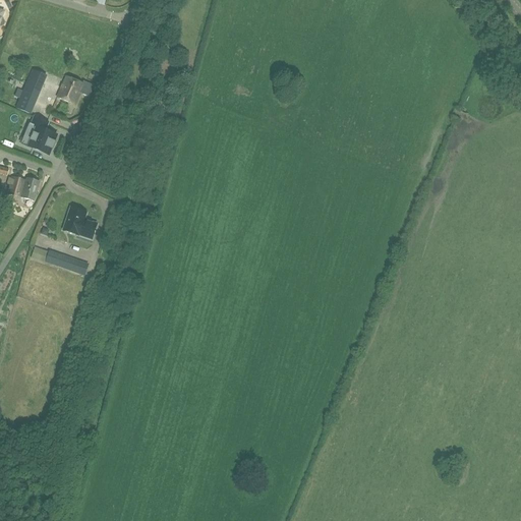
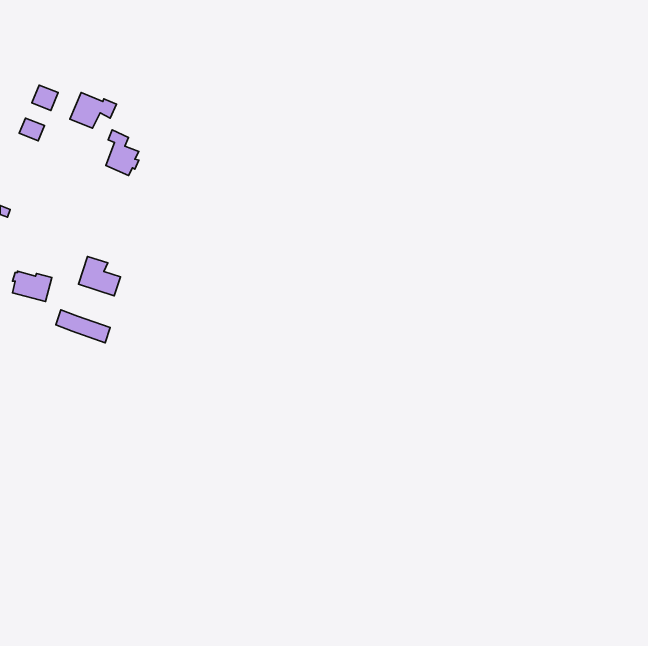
building: [28,116,55,153] -> [106,130,139,176]
building: [7,175,39,199] -> [13,271,52,302]

